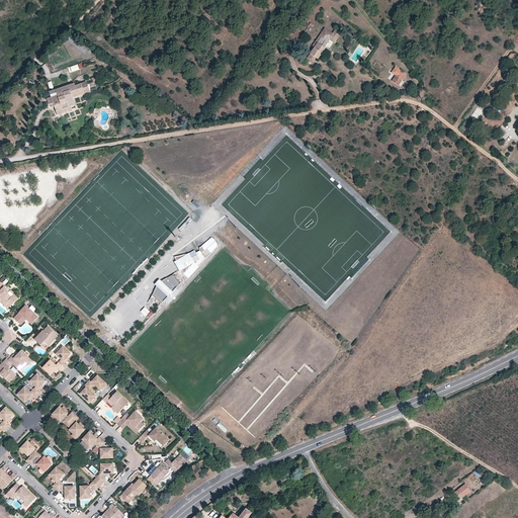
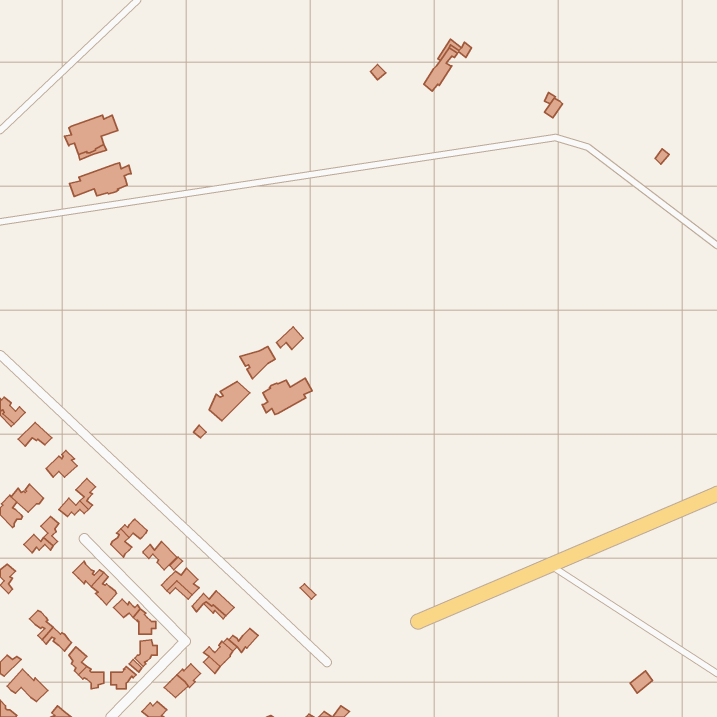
building: none -> [70,163,131,197]
building: none -> [262,378,312,415]

